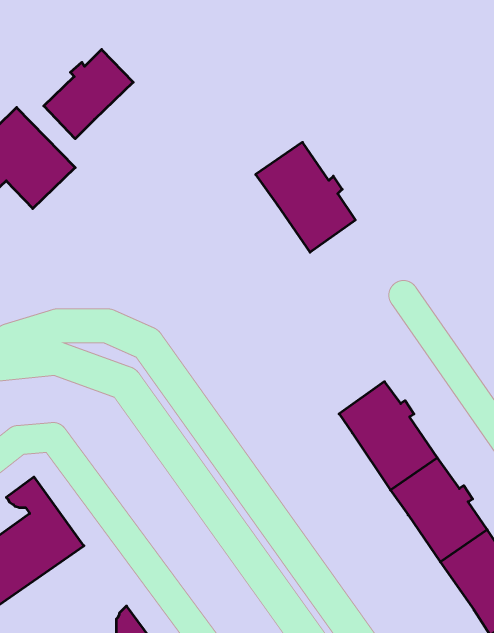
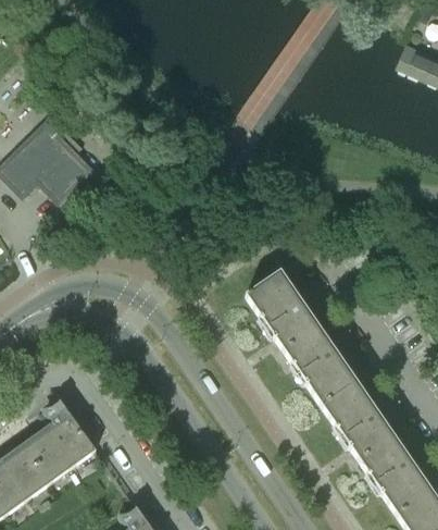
building: [44,49,133,139] -> none
building: [256,142,355,252] -> [245,270,318,352]

